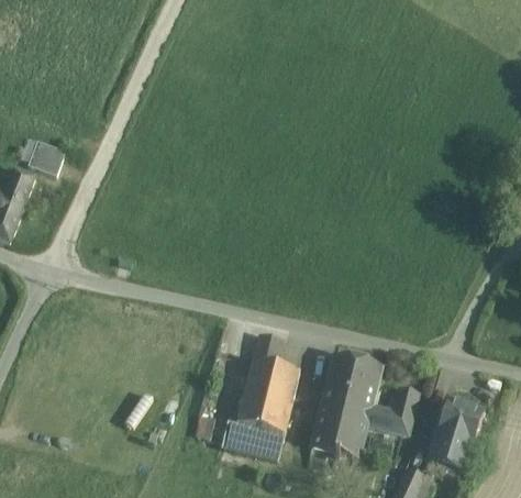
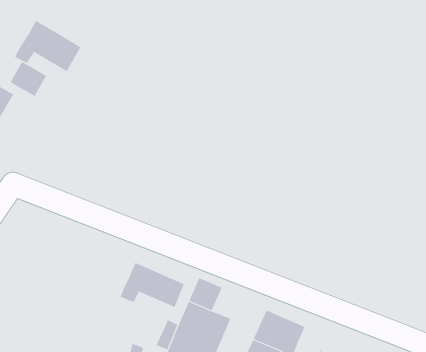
building: none -> [14,20,81,72]
building: none -> [120,262,185,308]

